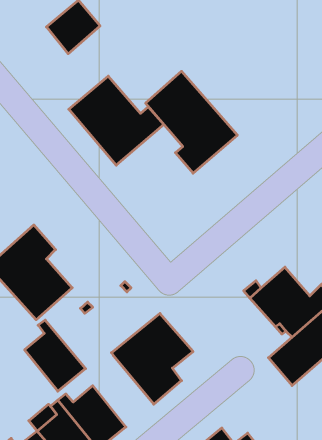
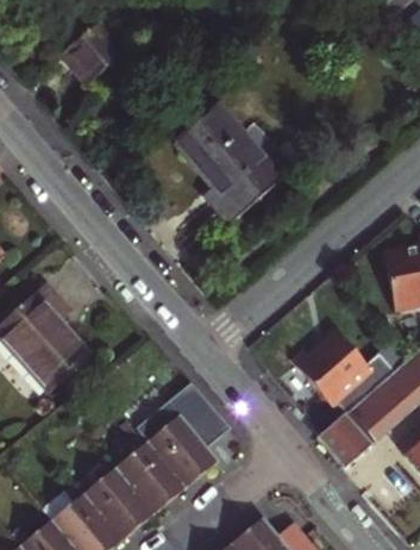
building: [69,76,164,165] -> none
building: [25,320,86,391] -> [115,433,186,515]

